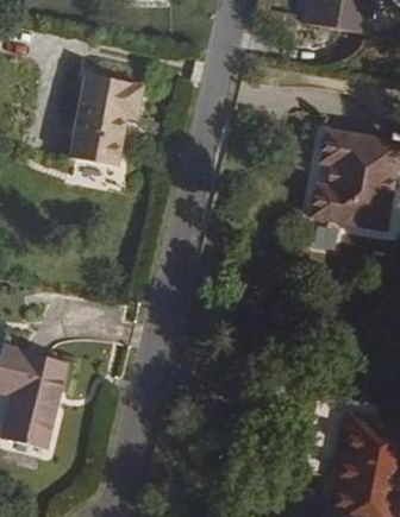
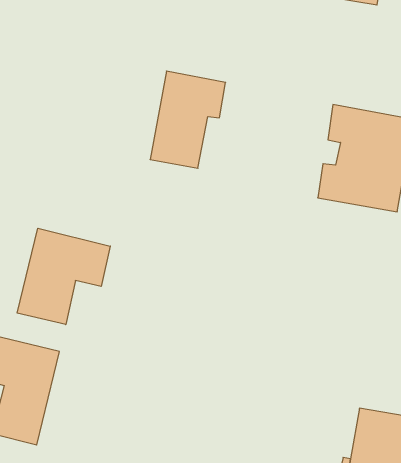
building: [70,74,142,165] -> [150,71,226,168]
building: none -> [17,228,110,325]

